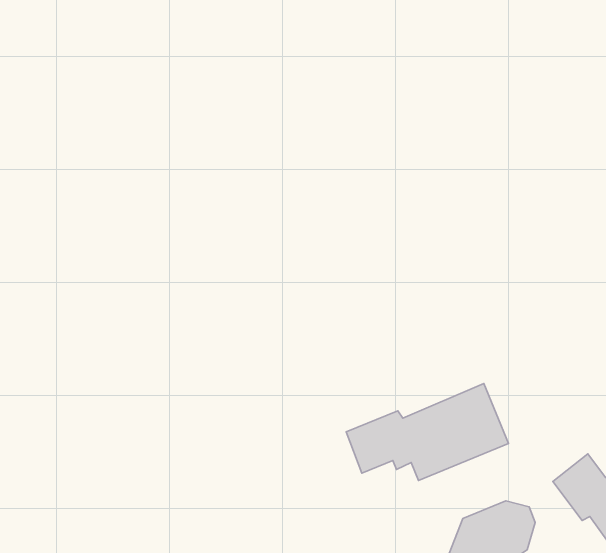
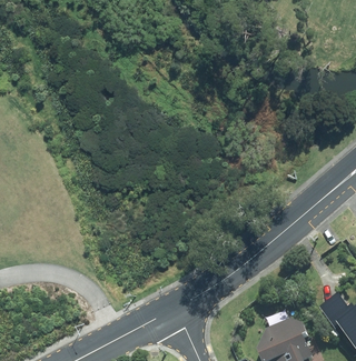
building: [346,384,509,480] -> none

